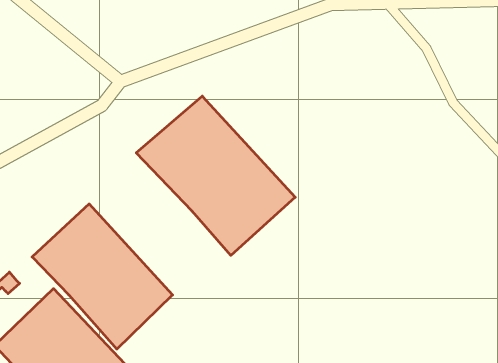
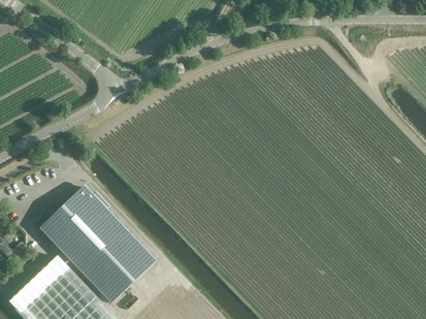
building: [136,96,295,255] -> none

